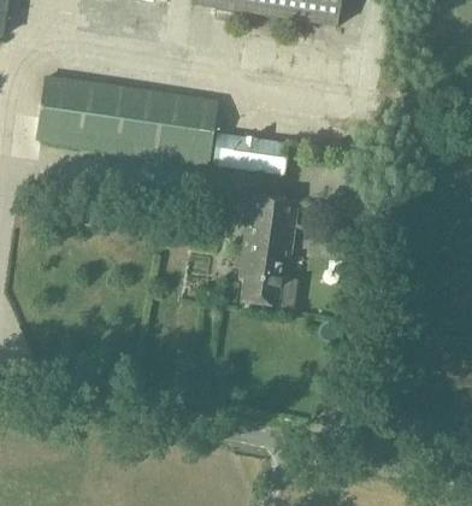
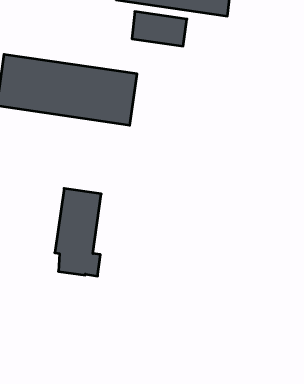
building: [213,130,284,175] -> [132,12,187,46]
building: [237,193,297,306] -> [55,188,101,276]

